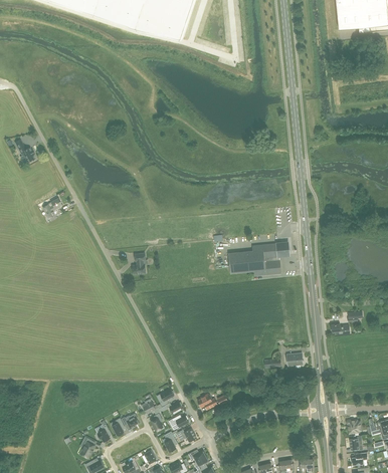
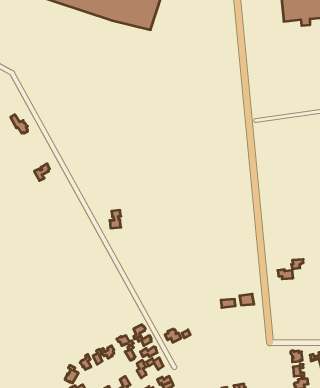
building: [229,242,281,274] -> none

